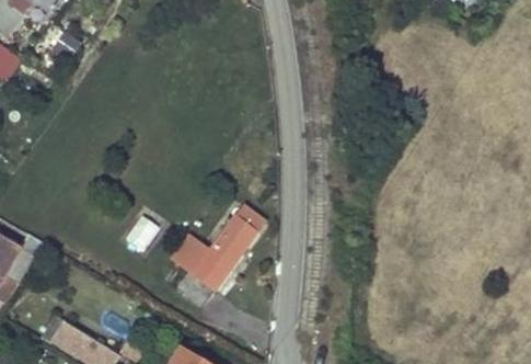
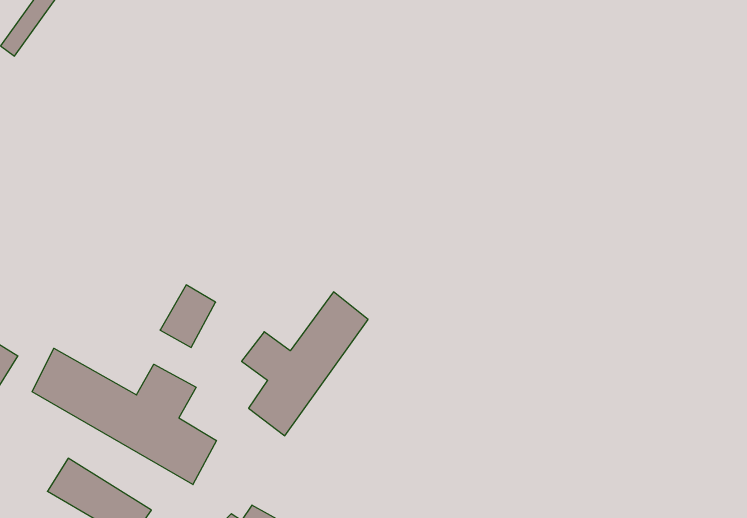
building: none -> [32,348,216,485]

